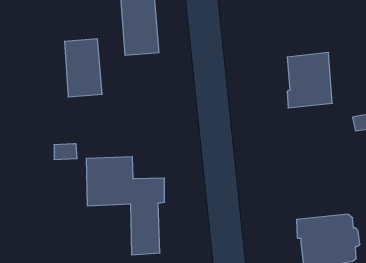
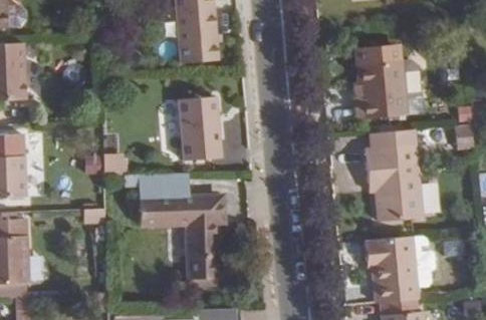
building: [64,39,102,97] -> [179,96,220,159]
building: none -> [365,128,423,221]

